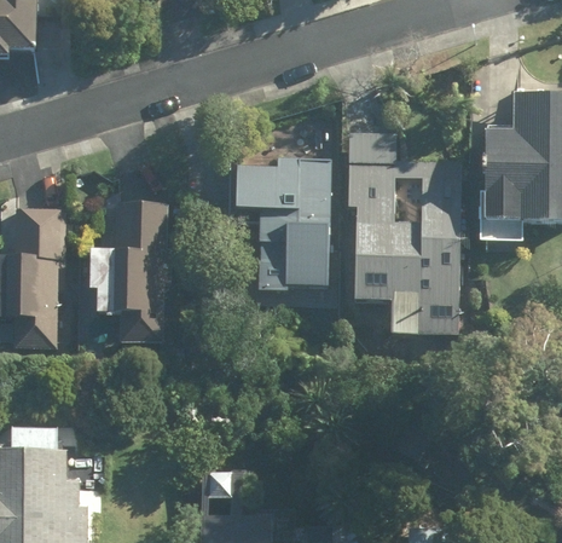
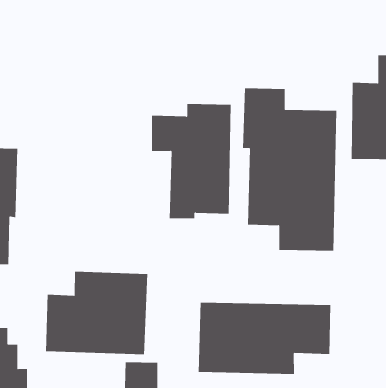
building: [86,198,170,345] -> none
building: none -> [45,271,148,355]
building: none -> [198,302,331,375]

